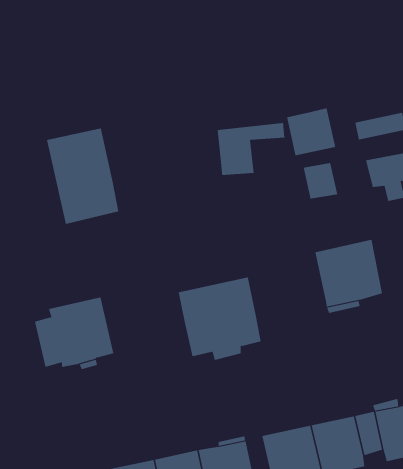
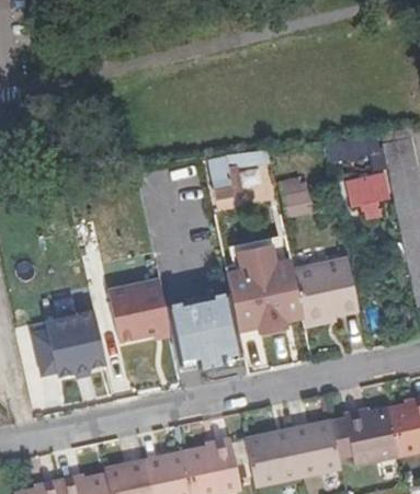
building: [287,107,336,156] -> none
building: [46,128,119,225] -> [104,255,172,345]
building: none -> [229,246,304,332]

